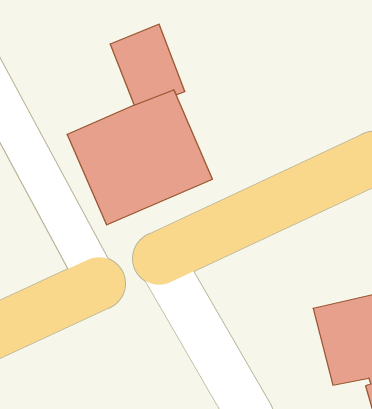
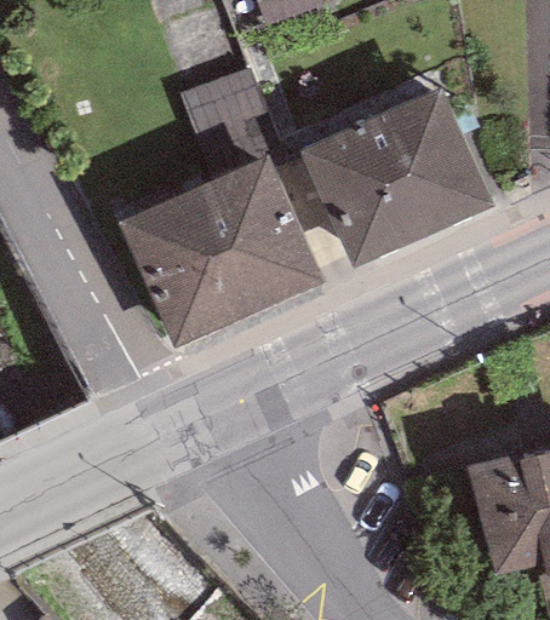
building: none -> [300,85,493,264]

